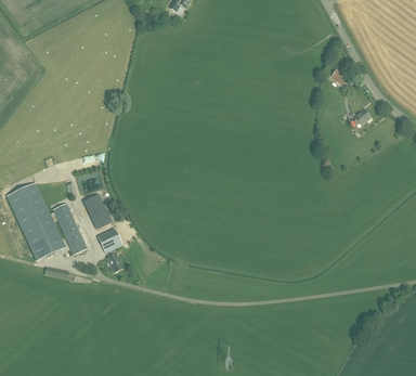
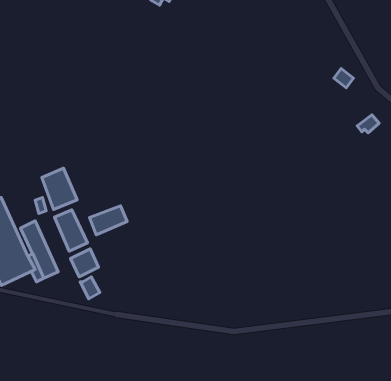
building: none -> [42,168,77,209]
building: none -> [90,206,127,235]

